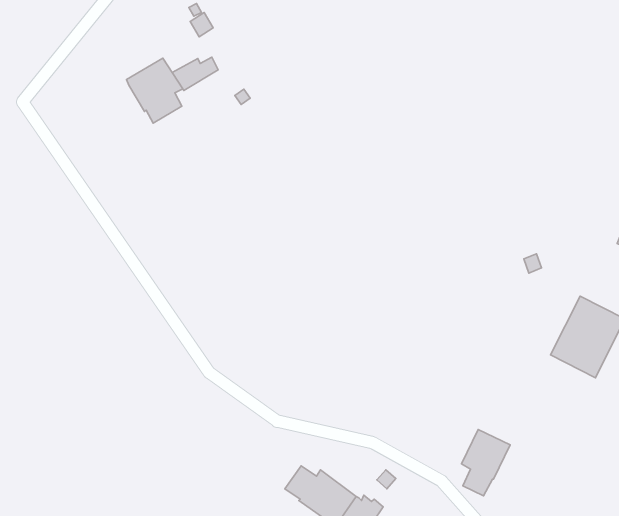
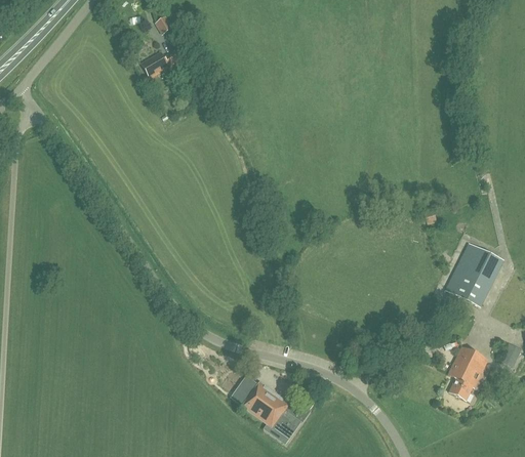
building: [126,58,183,123] -> none
building: [462,429,510,496] -> [448,346,487,400]

